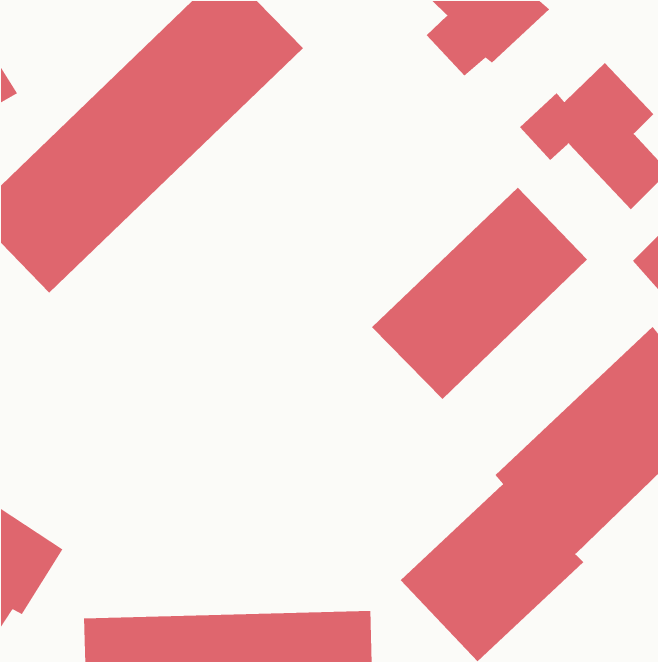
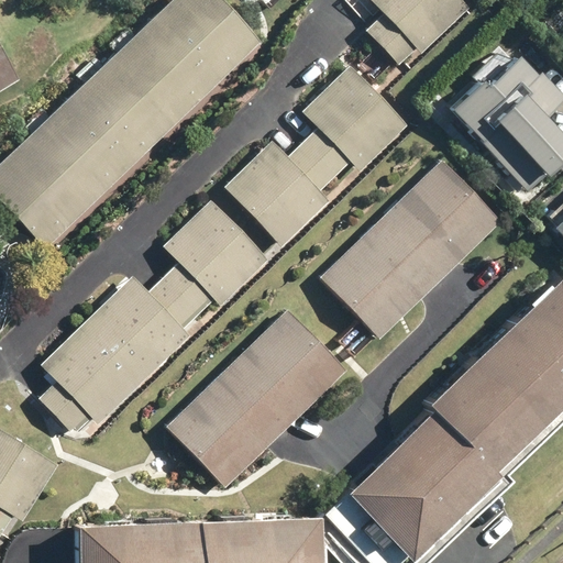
building: none -> [223,65,409,249]
building: none -> [38,200,269,433]
building: none -> [166,309,347,489]

